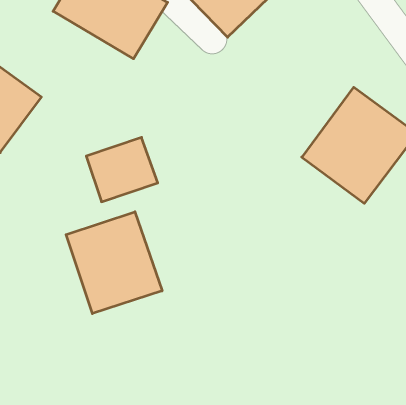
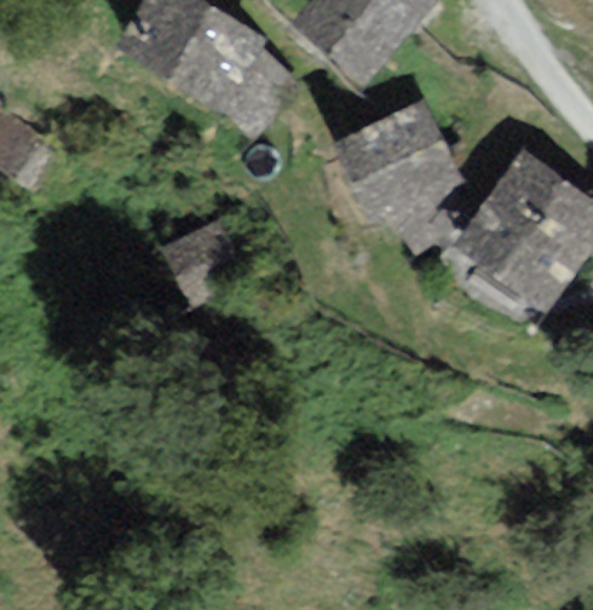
building: none -> [328,100,464,225]
building: [66,212,162,314] -> none

